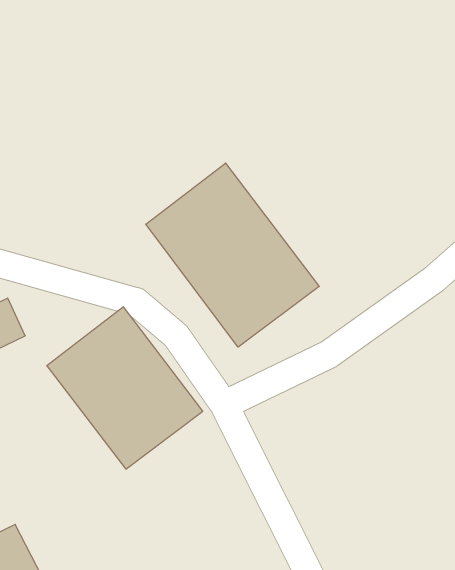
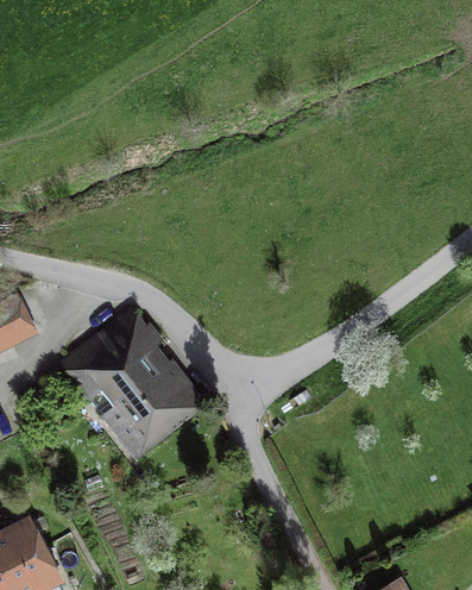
building: [146,163,319,347] -> none

